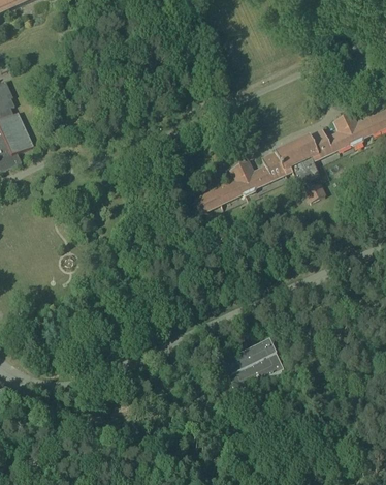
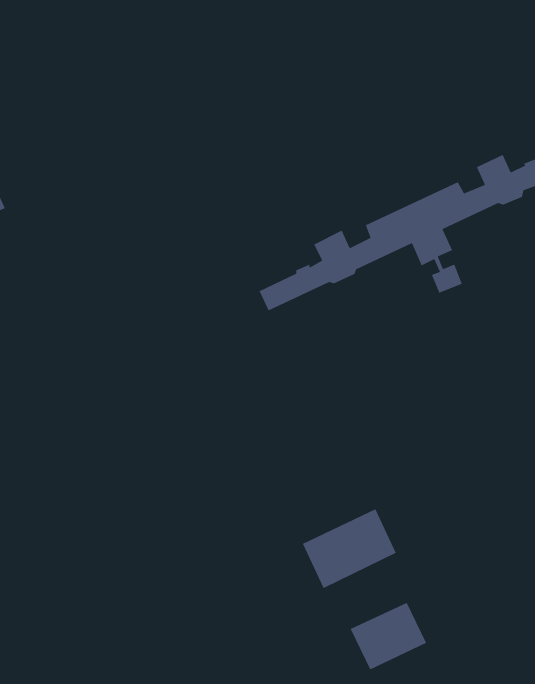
building: none -> [350,602,427,671]

